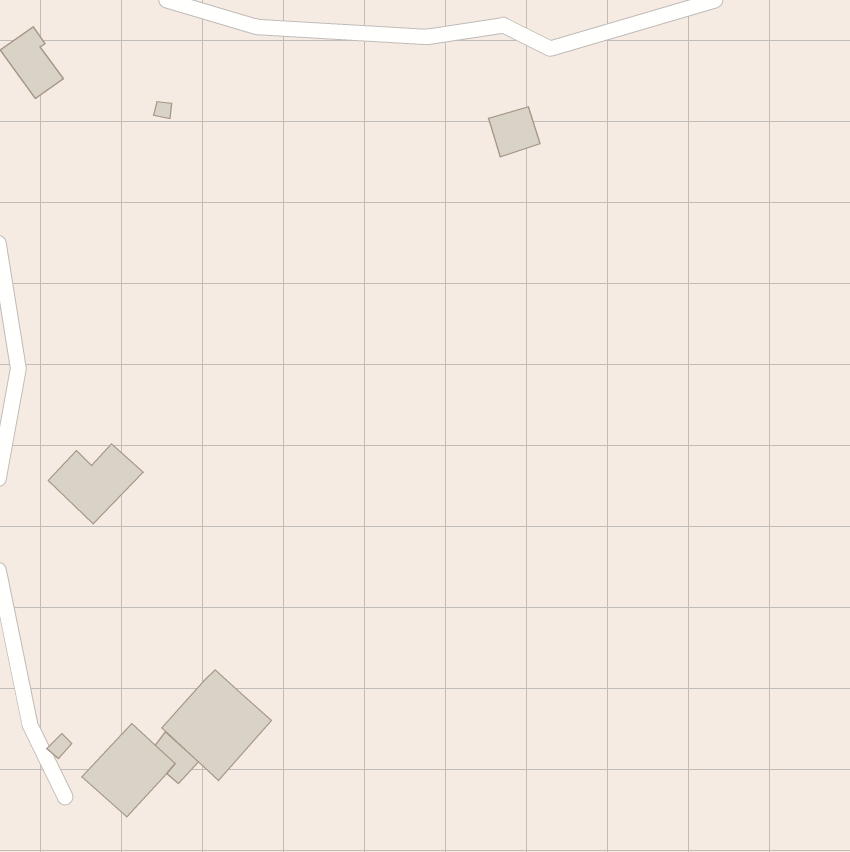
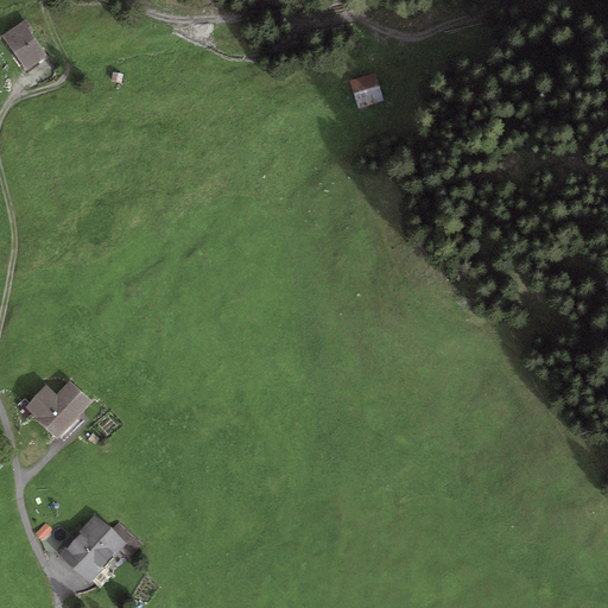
building: [48,444,143,524] -> [24,381,91,438]
building: [162,670,271,781] -> none

